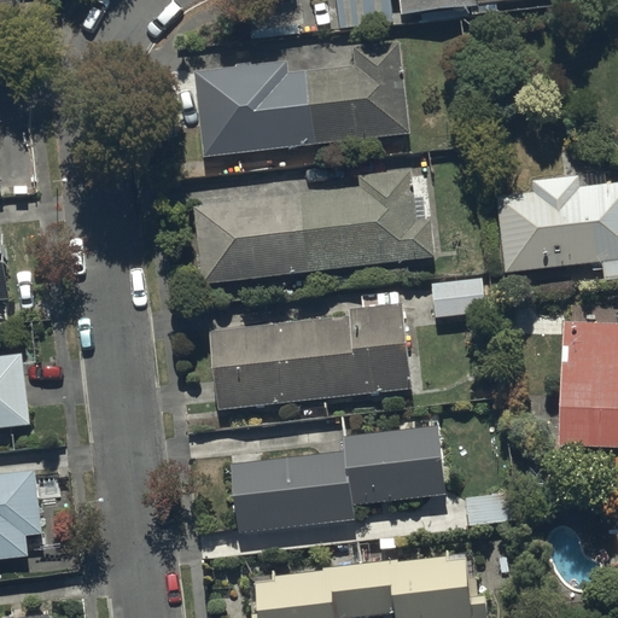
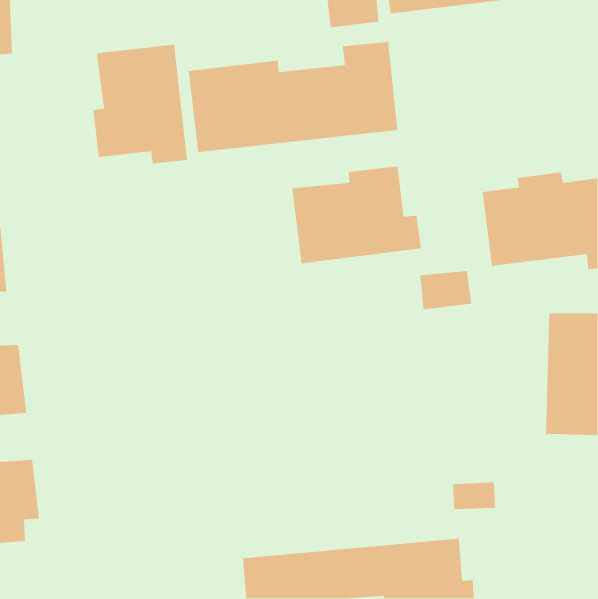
building: none -> [92,44,188,164]
building: [193,193,309,284] -> none
building: [209,303,410,409] -> none
building: [232,426,444,531] -> none

